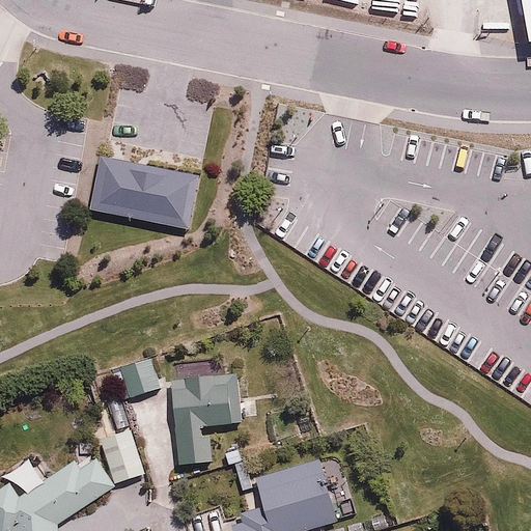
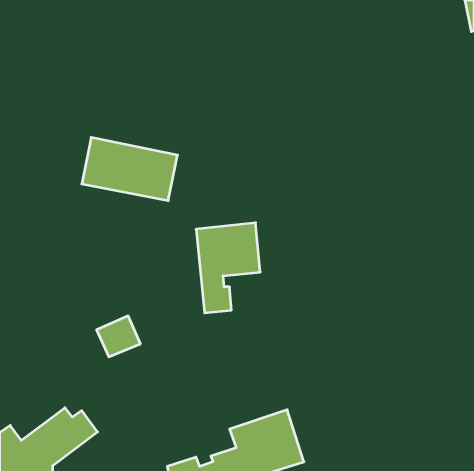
building: [171,366,243,467] -> [196,223,260,313]
building: [96,428,145,484] -> none

